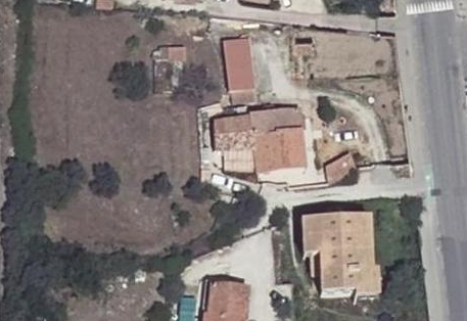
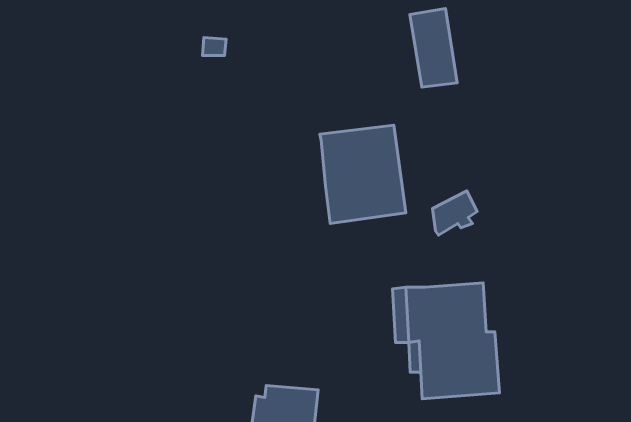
building: [222,36,254,90] -> [410,9,457,87]
building: [213,117,252,149] -> none

